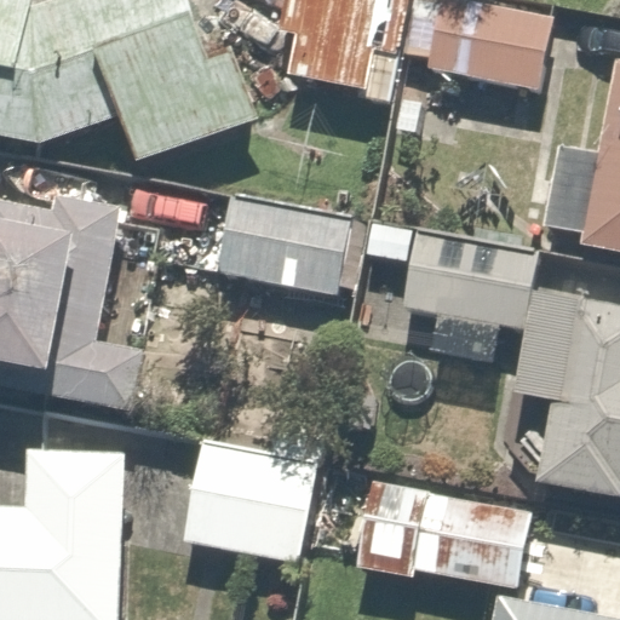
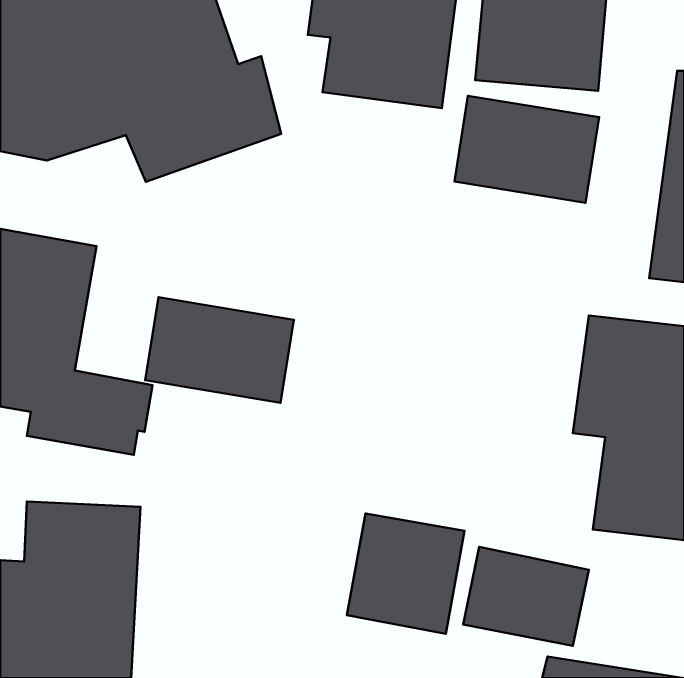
building: [214,196,349,292] -> [145,297,294,403]
building: [402,229,533,326] -> [454,96,599,203]
building: [179,413,322,562] -> none

